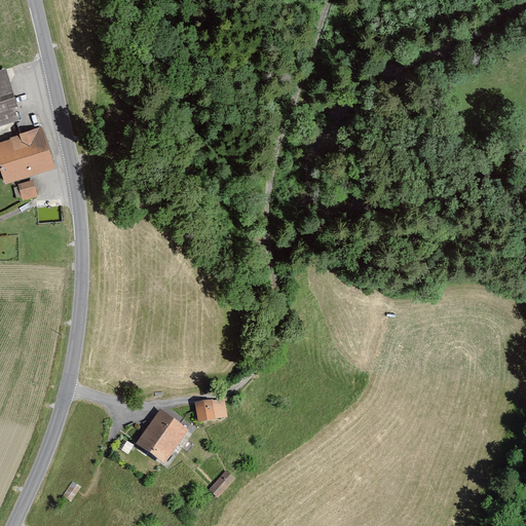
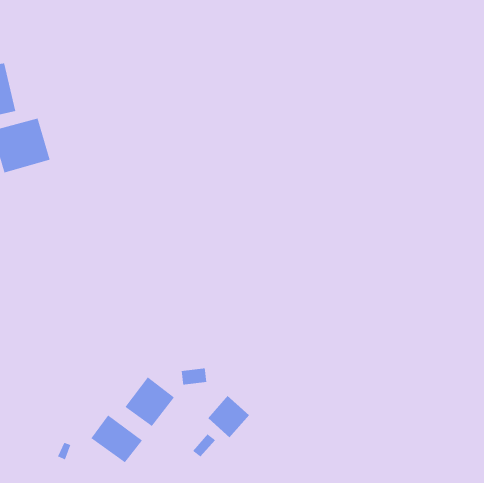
building: none -> [208,395,250,438]
building: none -> [91,414,143,463]

